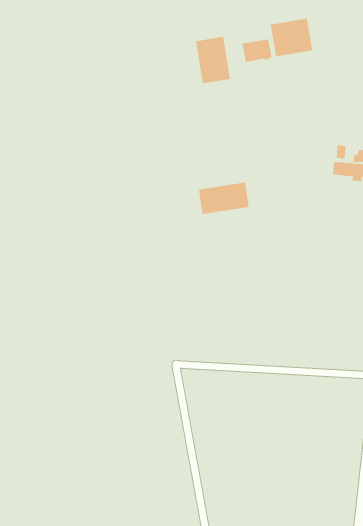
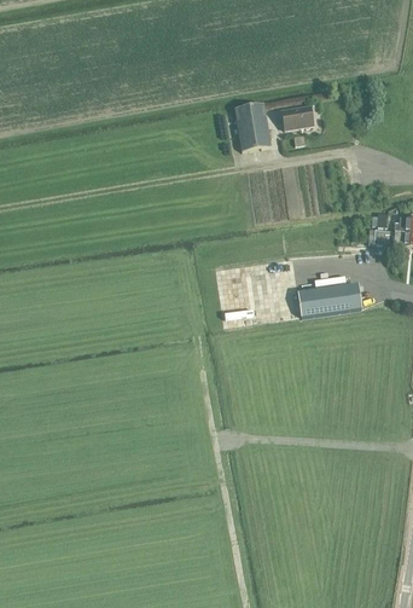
building: [270,18,313,57] -> none
building: [198,182,249,214] -> [297,283,349,315]

